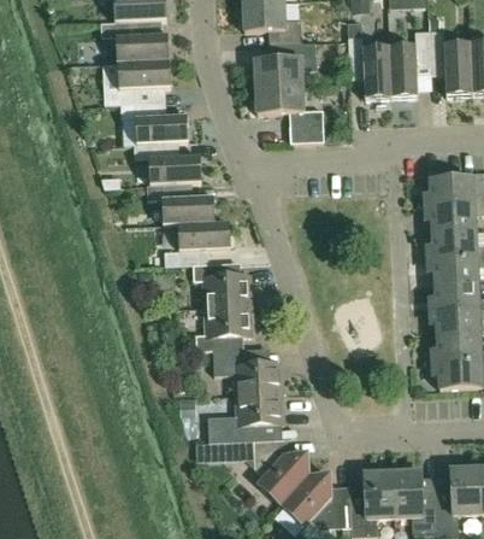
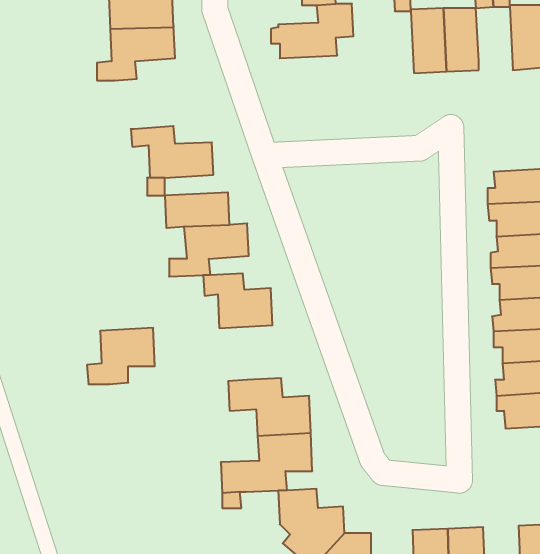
building: [255,83,324,142] -> none
building: [120,101,188,143] -> none
building: [195,304,250,350] -> [87,328,155,384]

